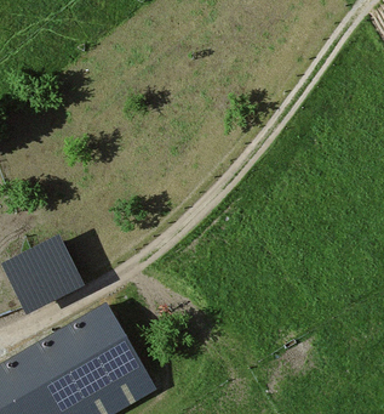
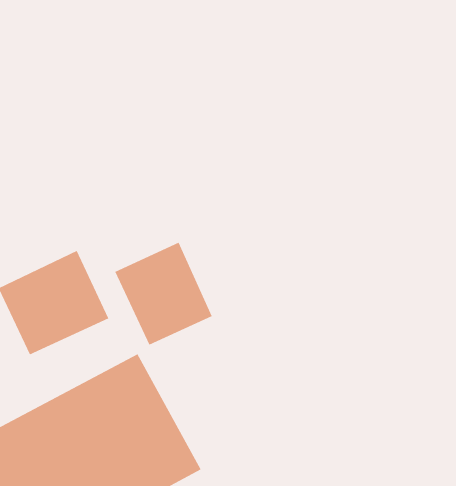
building: none -> [115,242,213,345]

